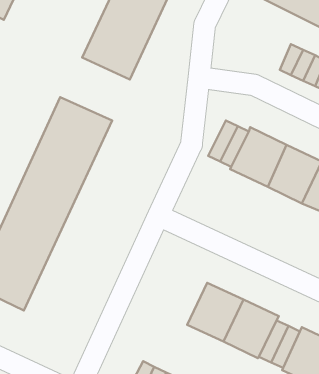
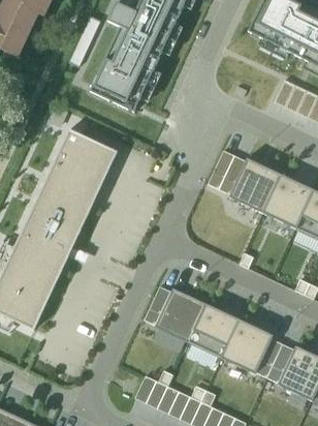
building: none -> [144,285,206,342]

